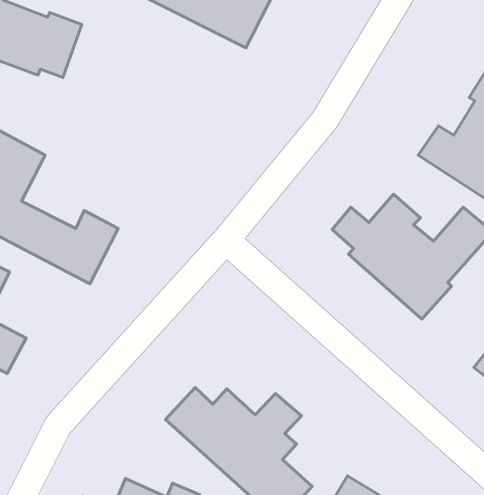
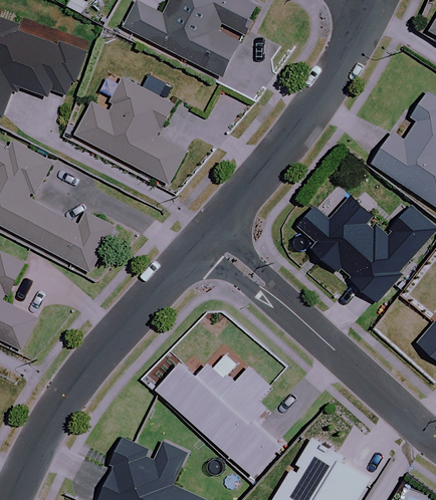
building: none -> [75,79,185,184]

